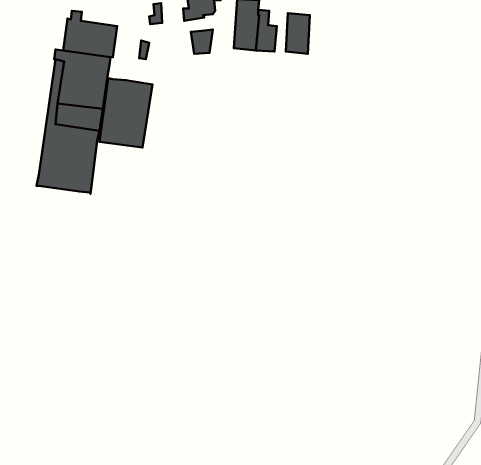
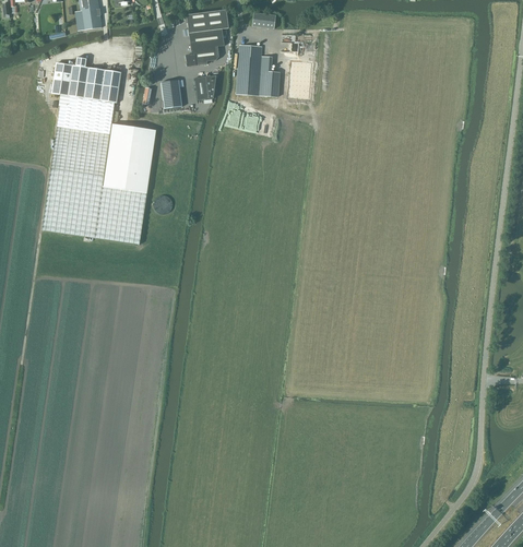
building: none -> [51,61,72,95]
building: none -> [161,79,182,107]
building: none -> [95,185,146,243]

